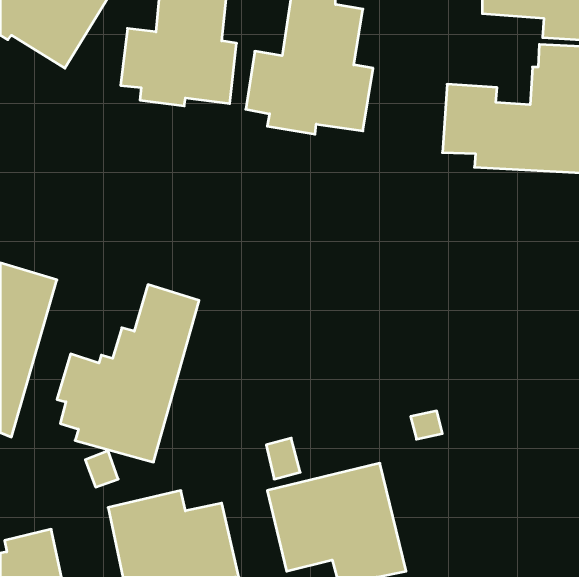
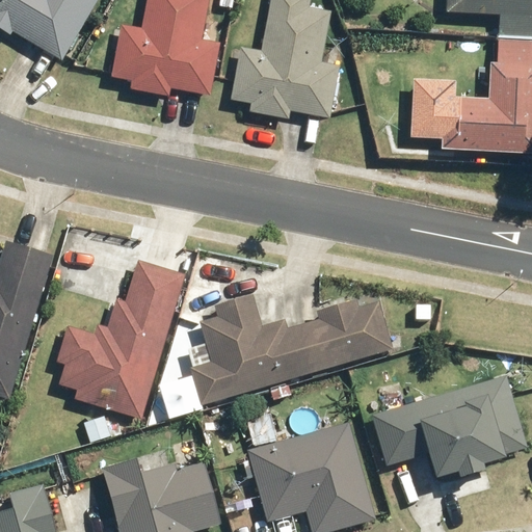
building: none -> [189,289,394,405]
building: none -> [374,377,527,485]

